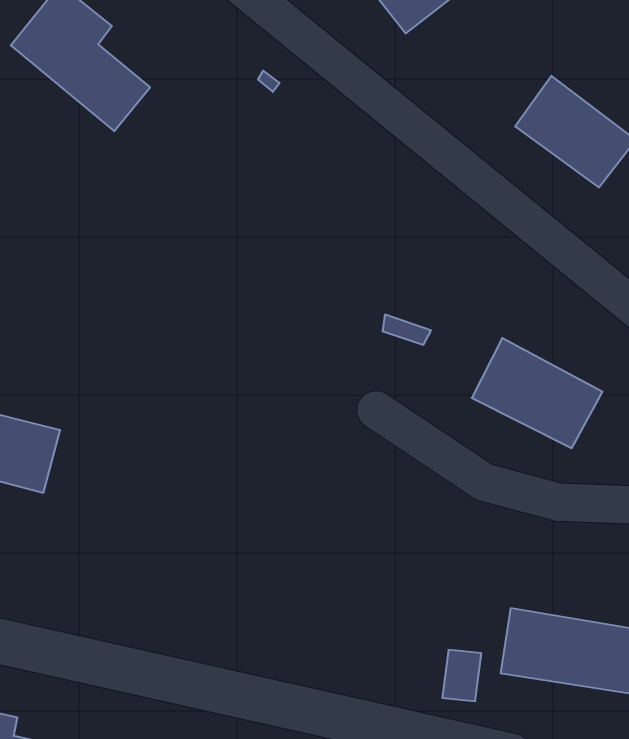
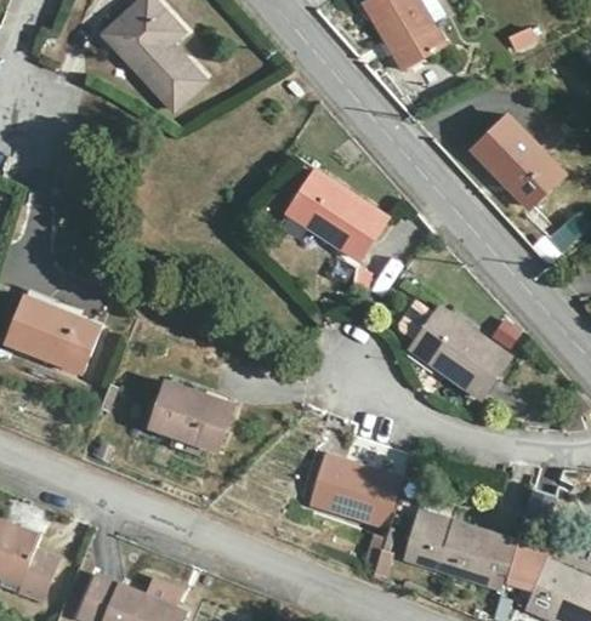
building: none -> [288,167,386,255]
building: none -> [150,381,231,449]
building: none -> [307,456,402,526]

